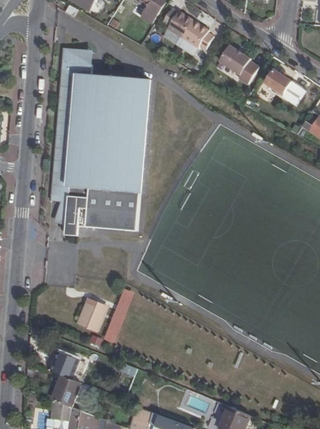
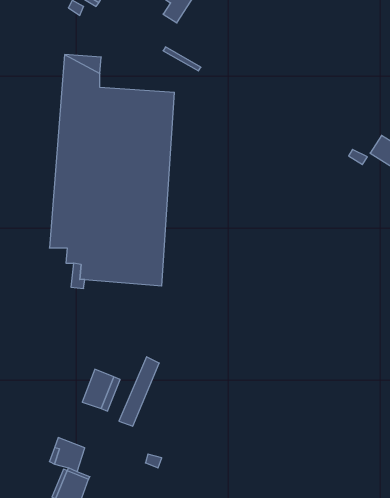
building: [164,9,210,47] -> none
building: [216,44,256,83] -> none
building: [265,70,302,104] -> none

